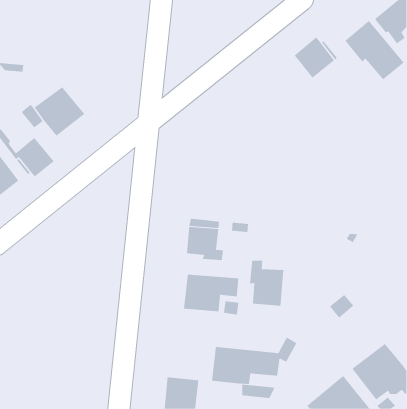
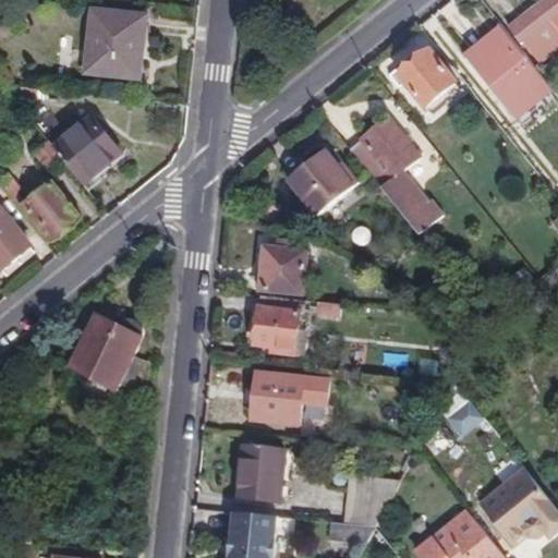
building: none -> [87,9,143,80]
building: none -> [347,117,440,234]
building: none -> [287,150,359,216]
building: none -> [258,241,304,293]
building: none -> [76,310,150,386]
building: [250,260,284,306] -> none
building: none -> [238,448,281,502]

